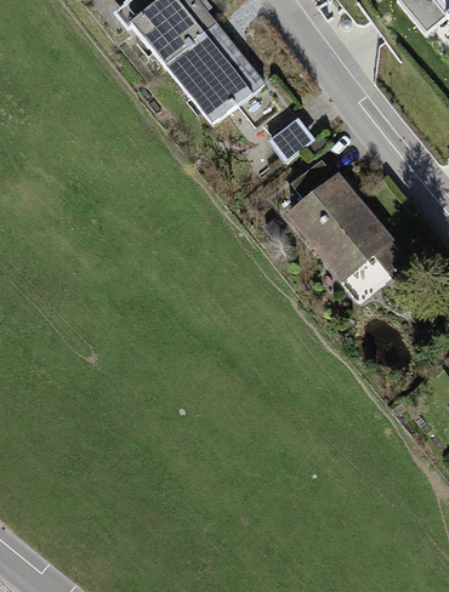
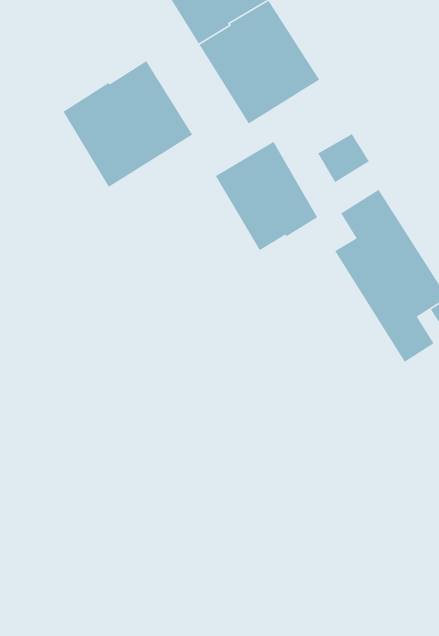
building: none -> [62,60,193,188]
building: none -> [215,141,318,251]

